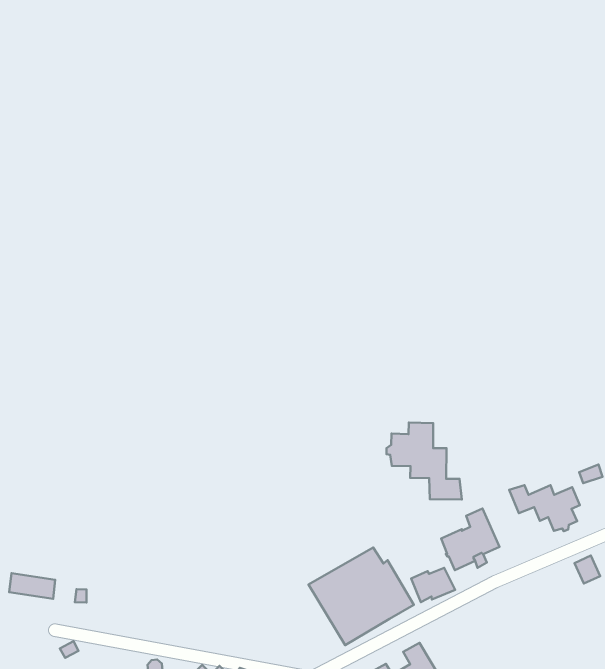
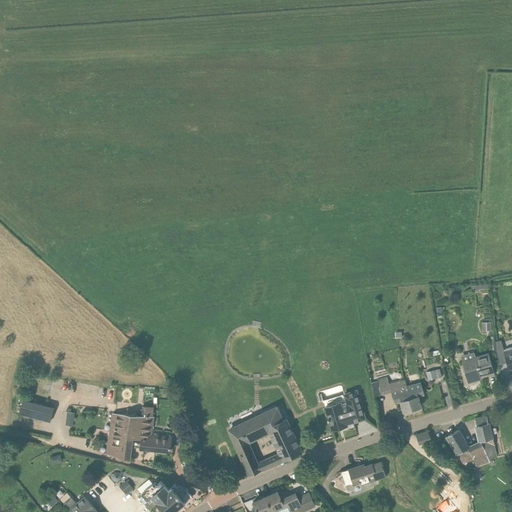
building: [386,423,462,499] -> none
building: none -> [106,405,171,459]
building: [411,568,455,602] -> [348,464,378,486]

